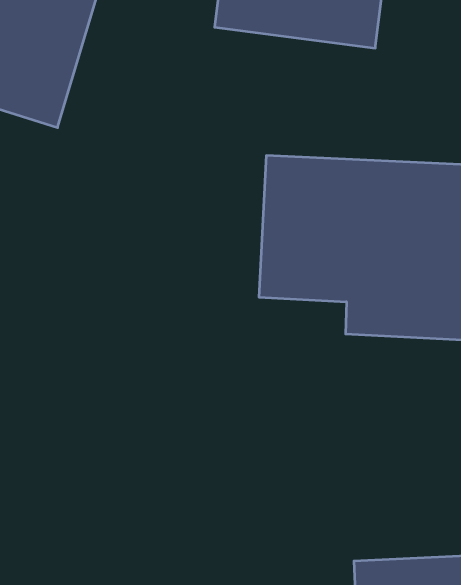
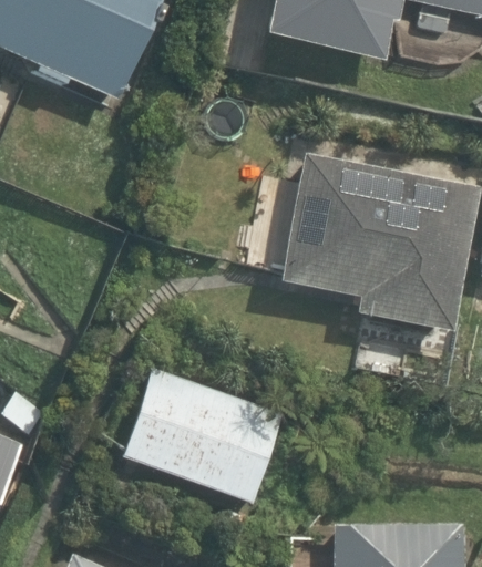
building: none -> [117,358,285,502]

